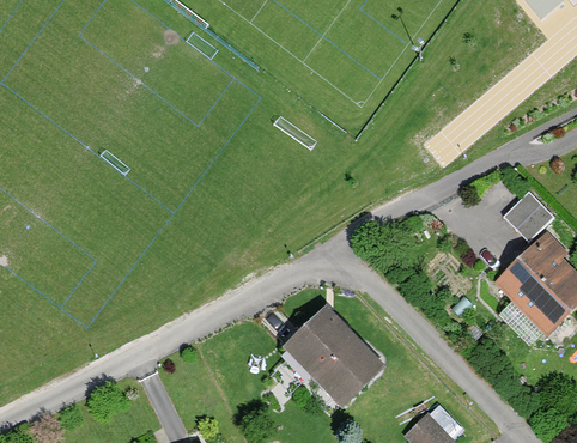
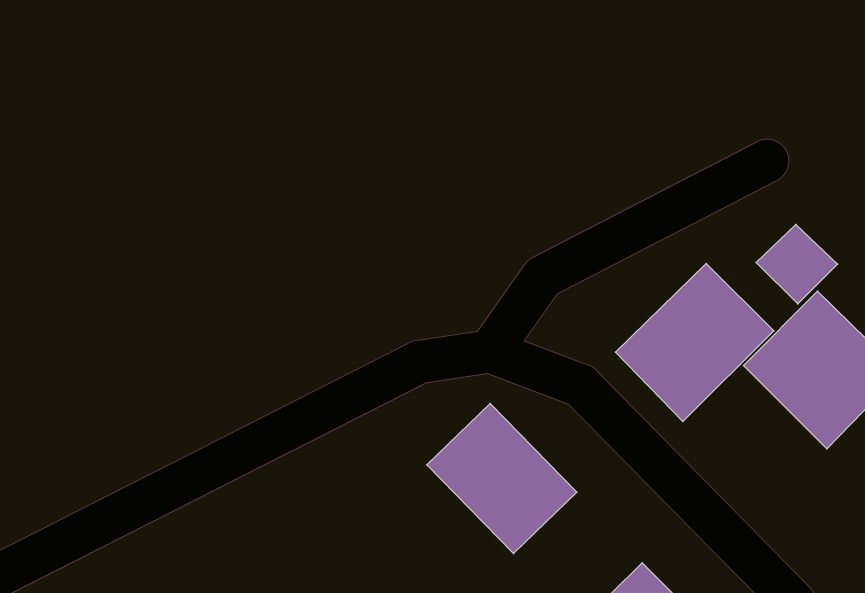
building: none -> [616,263,774,422]

